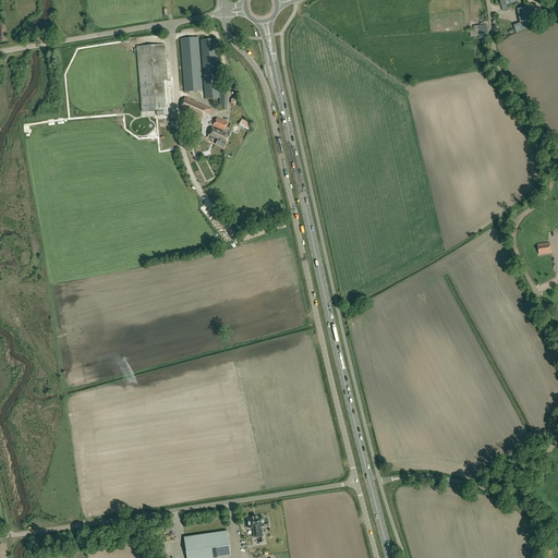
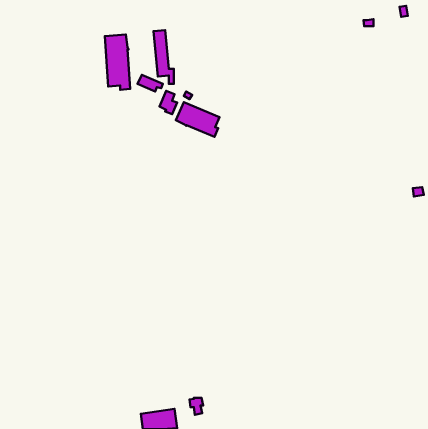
building: [180,37,202,92] -> none
building: none -> [176,102,219,137]

